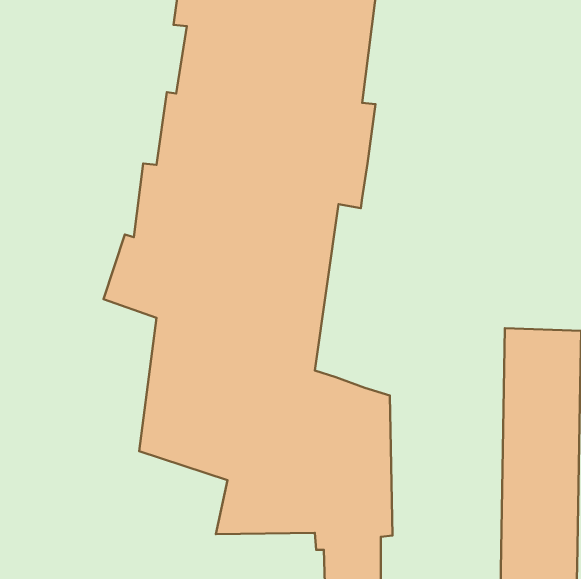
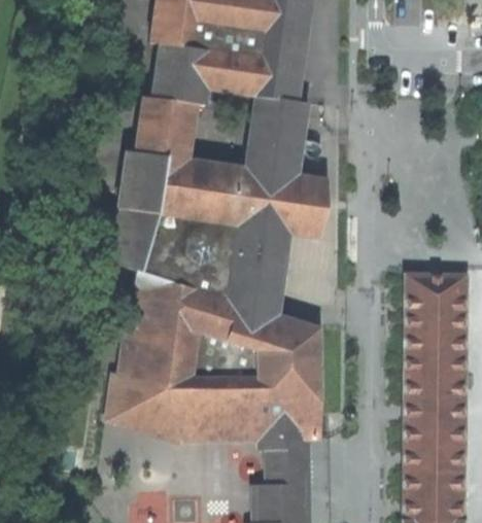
building: none -> [260,173,325,313]
building: none -> [107,369,192,442]

